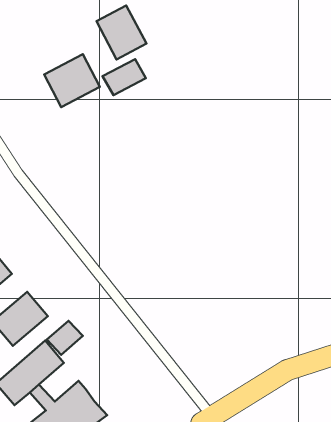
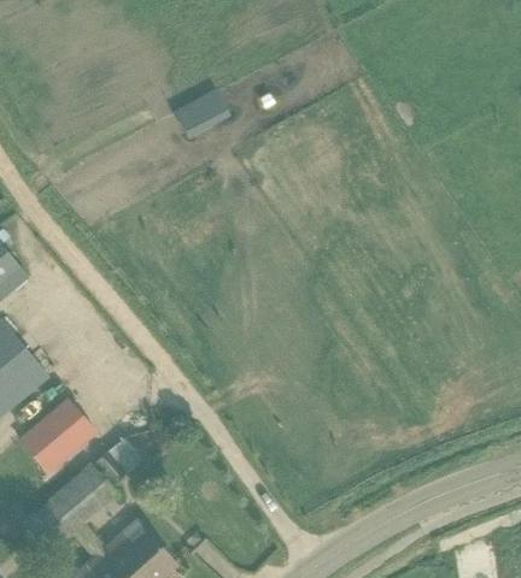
building: [96,5,147,59] -> none
building: [44,54,100,107] -> none

